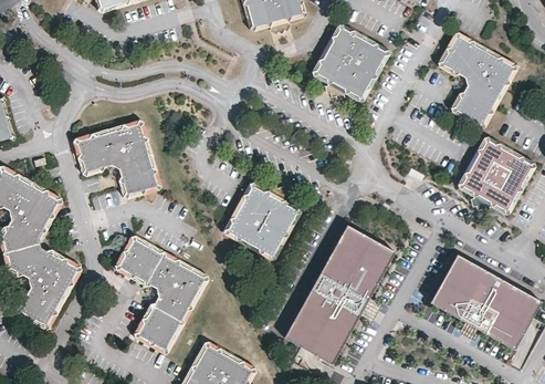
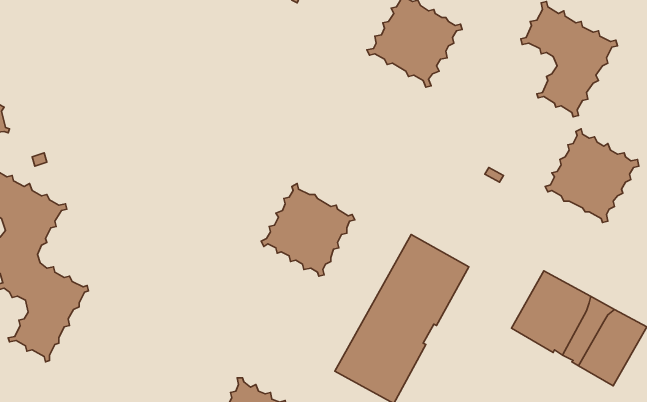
building: [73,120,160,198] -> none
building: [114,235,208,354] -> none

